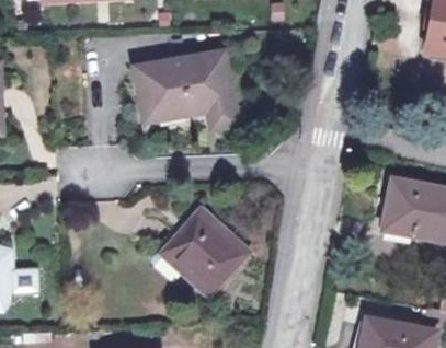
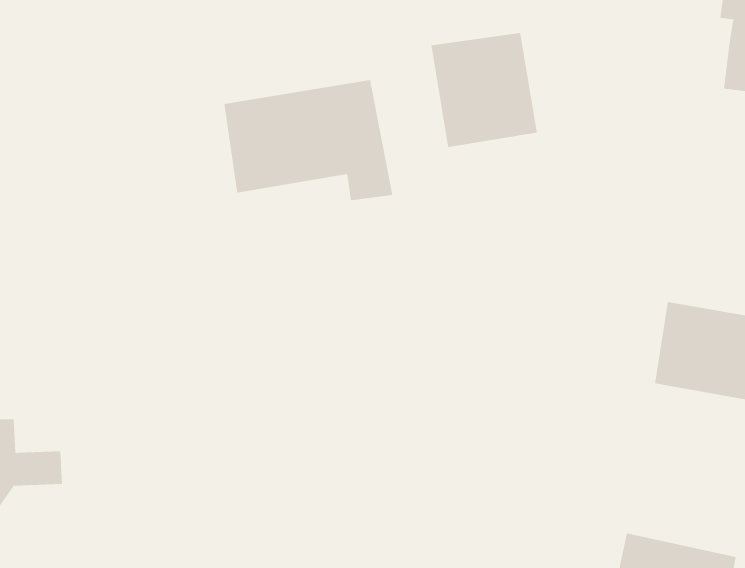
building: none -> [431,32,537,148]
building: [159,208,245,292] -> none

